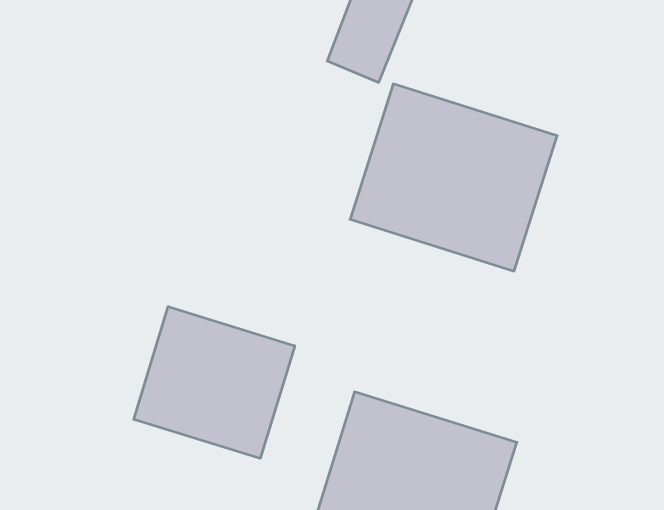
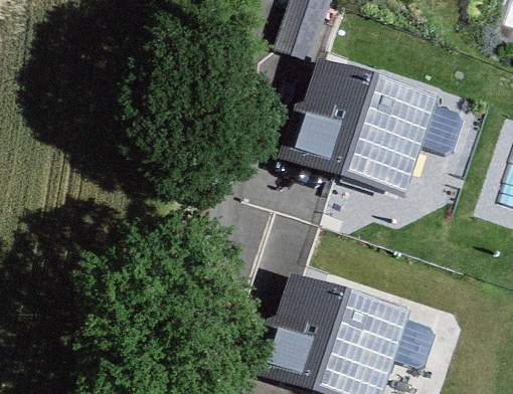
building: [134,307,295,458] -> none

